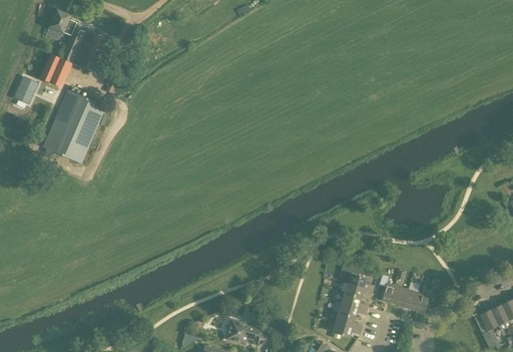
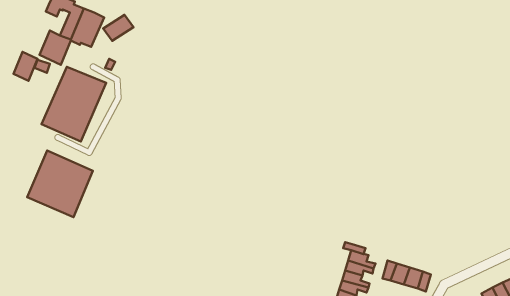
building: none -> [103,15,133,41]
building: none -> [27,150,93,217]

